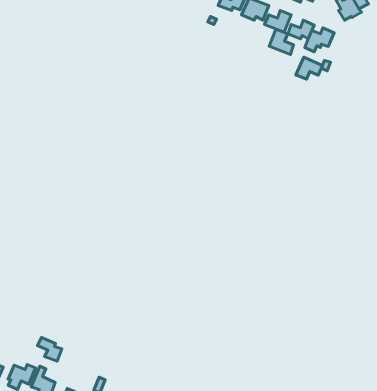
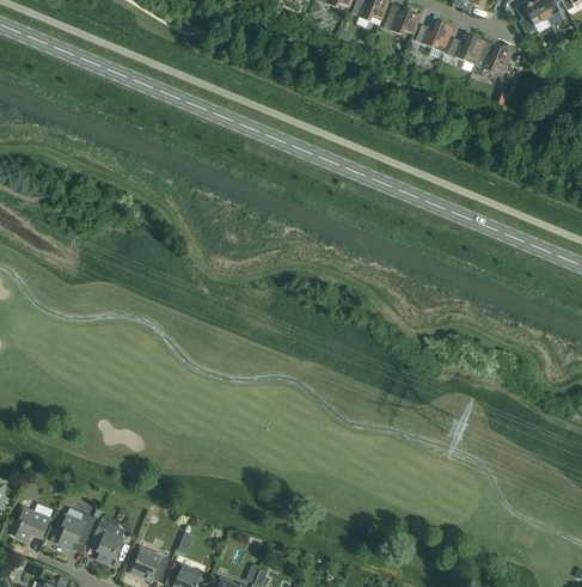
building: [269,29,294,55] -> none
building: [296,57,322,79] -> none
building: [38,337,62,361] -> none

